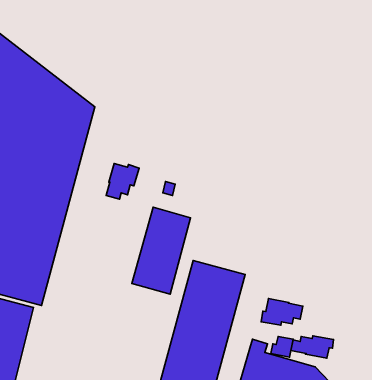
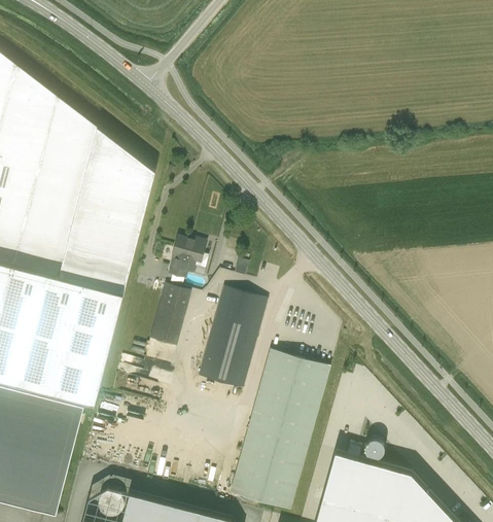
building: none -> [148,286,189,348]
building: [261,299,303,325] -> none
building: [291,336,333,358] -> none

